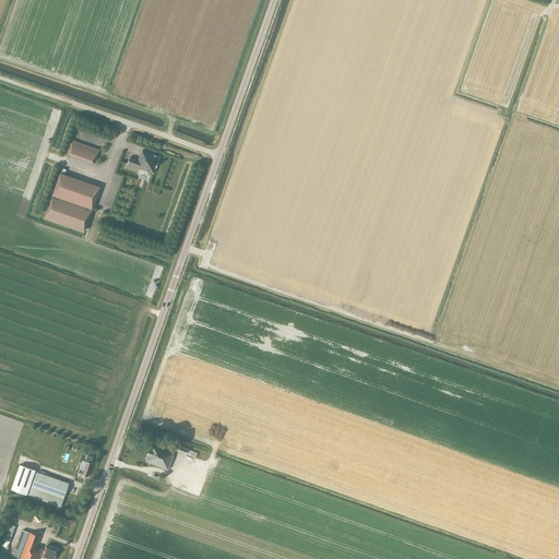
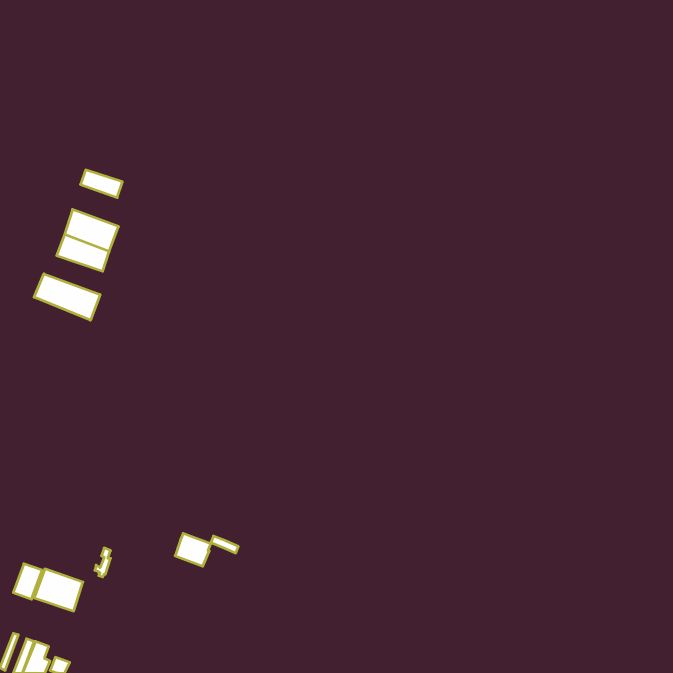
building: [127,151,159,174] -> none
building: none -> [34,274,100,320]

